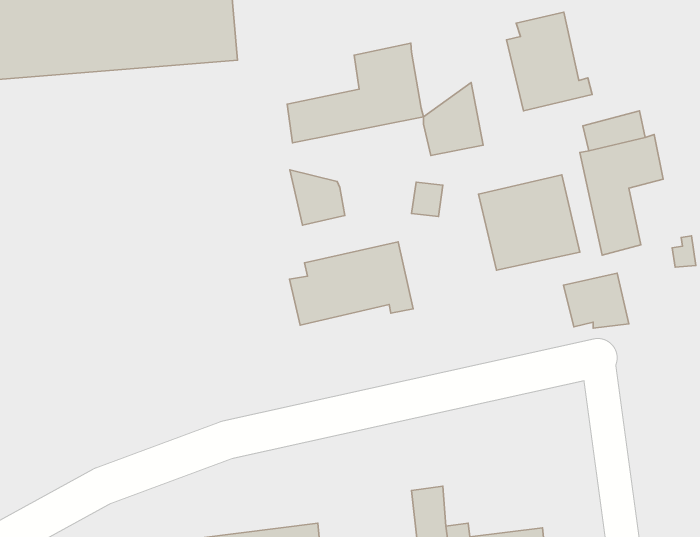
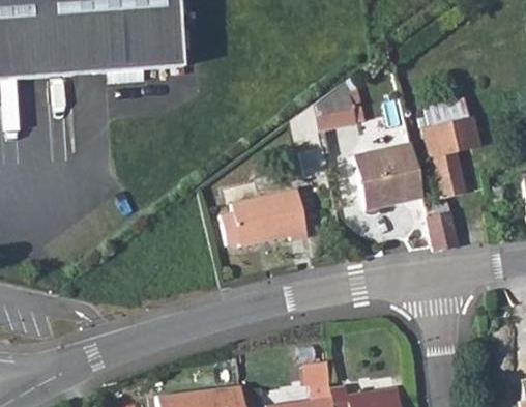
building: [507,12,592,111] -> none
building: [287,43,424,143] -> none
building: [290,170,345,225] -> none

